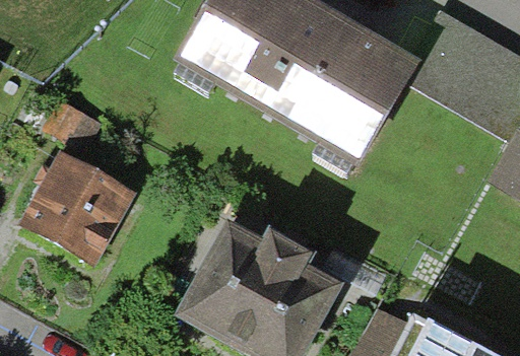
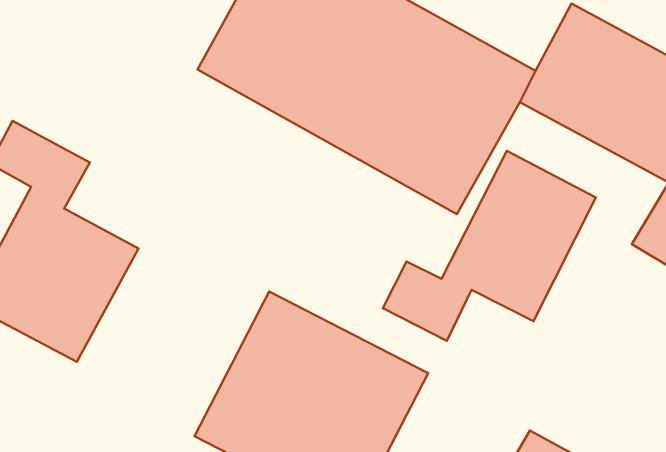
building: none -> [383,151,596,341]

